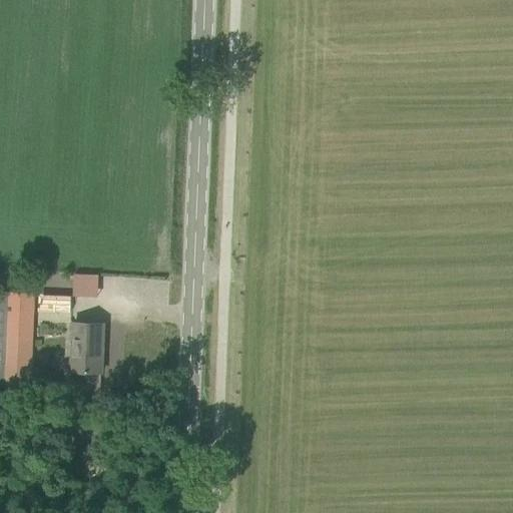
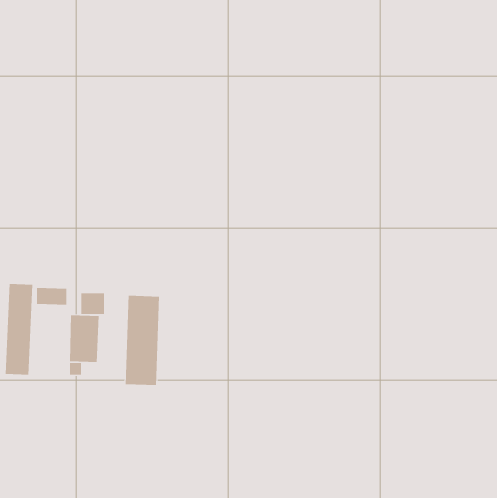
building: [71,273,96,295] -> [80,293,105,314]
building: none -> [125,295,160,386]

